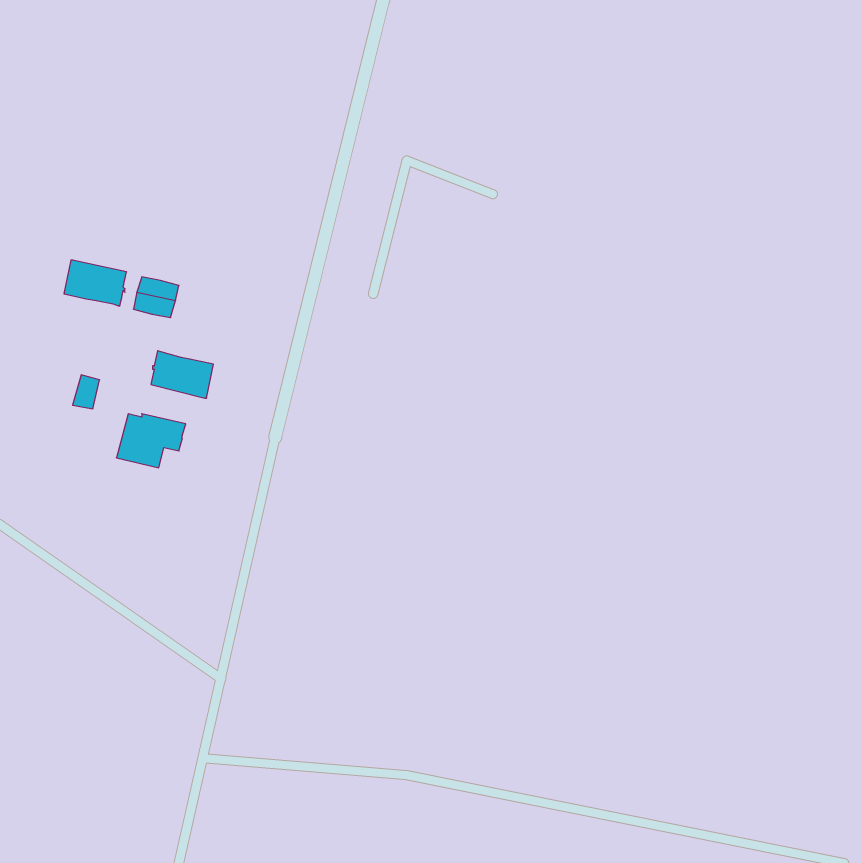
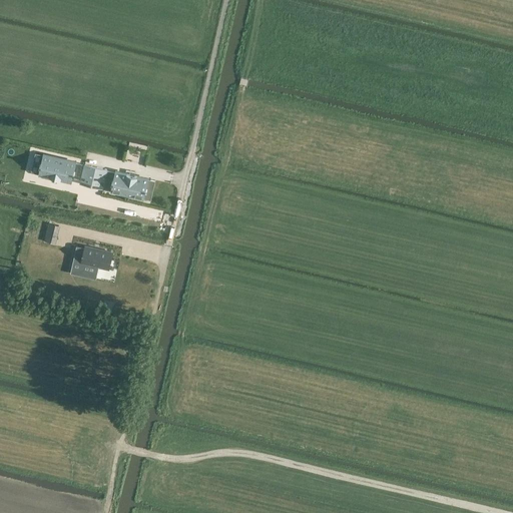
building: [151,351,213,398] -> [110,170,147,198]

